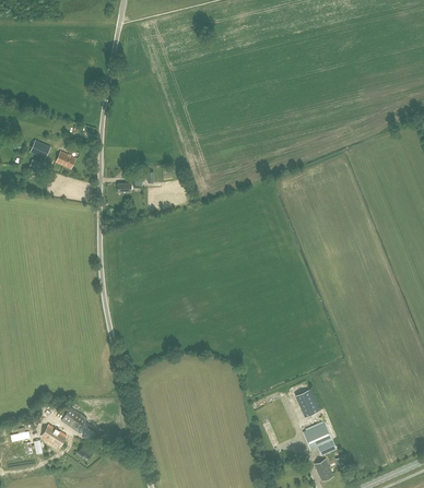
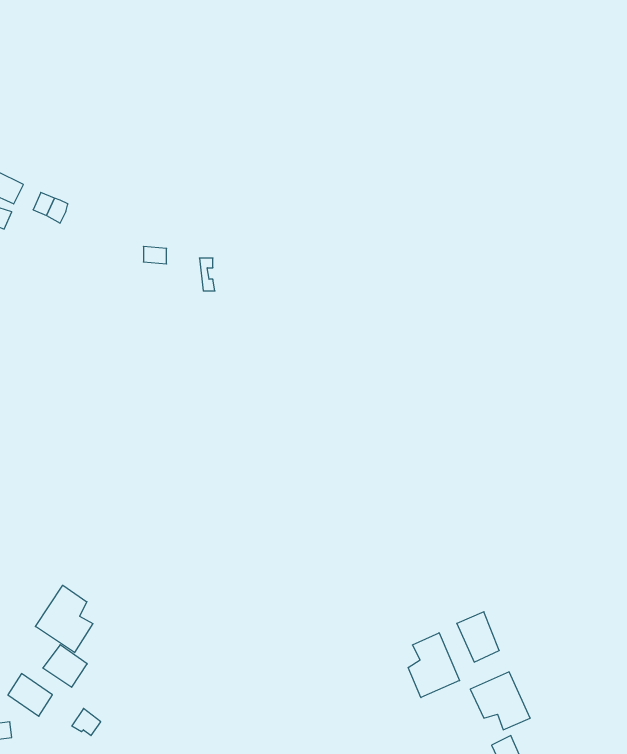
building: none -> [35,585,93,653]
building: none -> [408,633,460,698]

